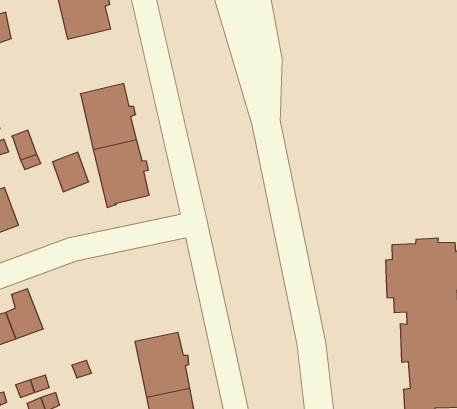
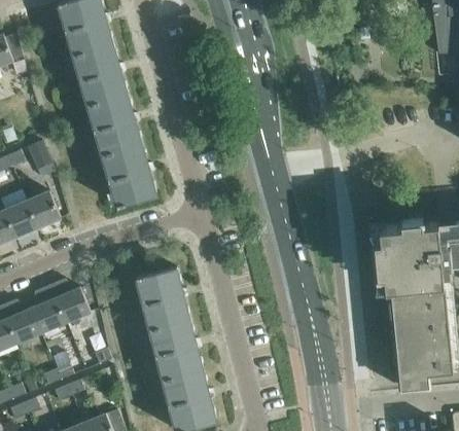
building: none -> [73,45,127,106]
building: [52,152,89,192] -> [26,192,60,229]
building: none -> [136,270,188,330]
building: none -> [48,281,90,323]

